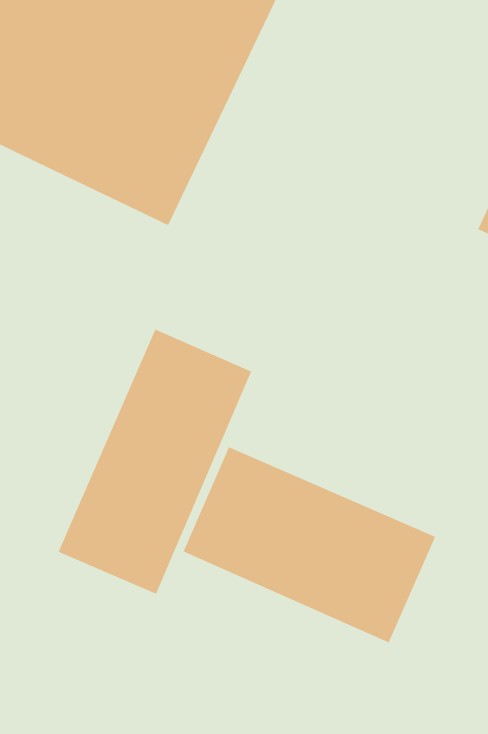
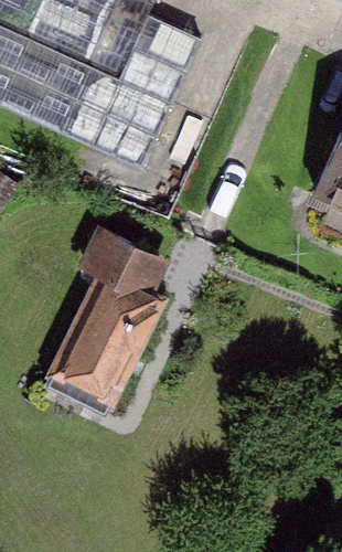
building: [183,446,436,644] -> none

